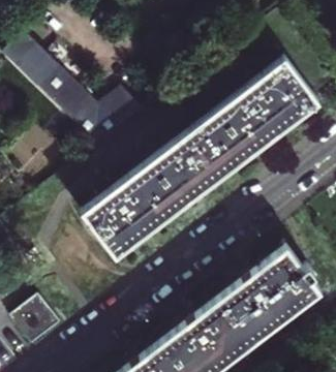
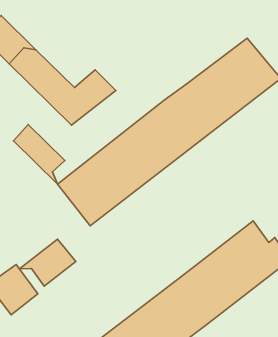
building: none -> [13,125,65,184]
building: none -> [19,239,76,286]

